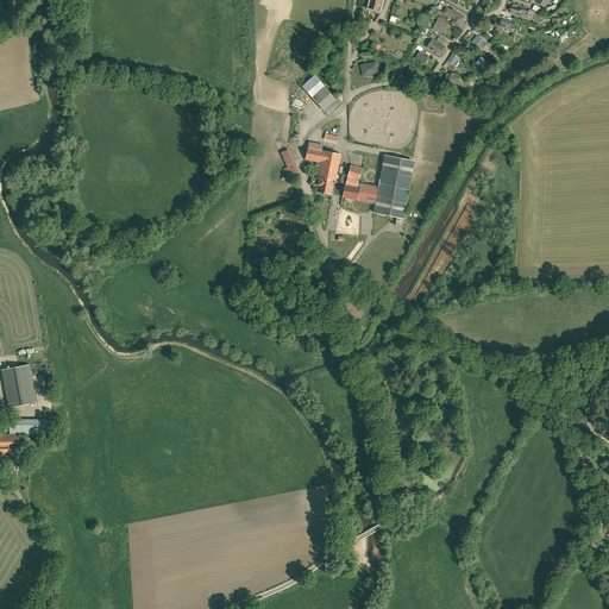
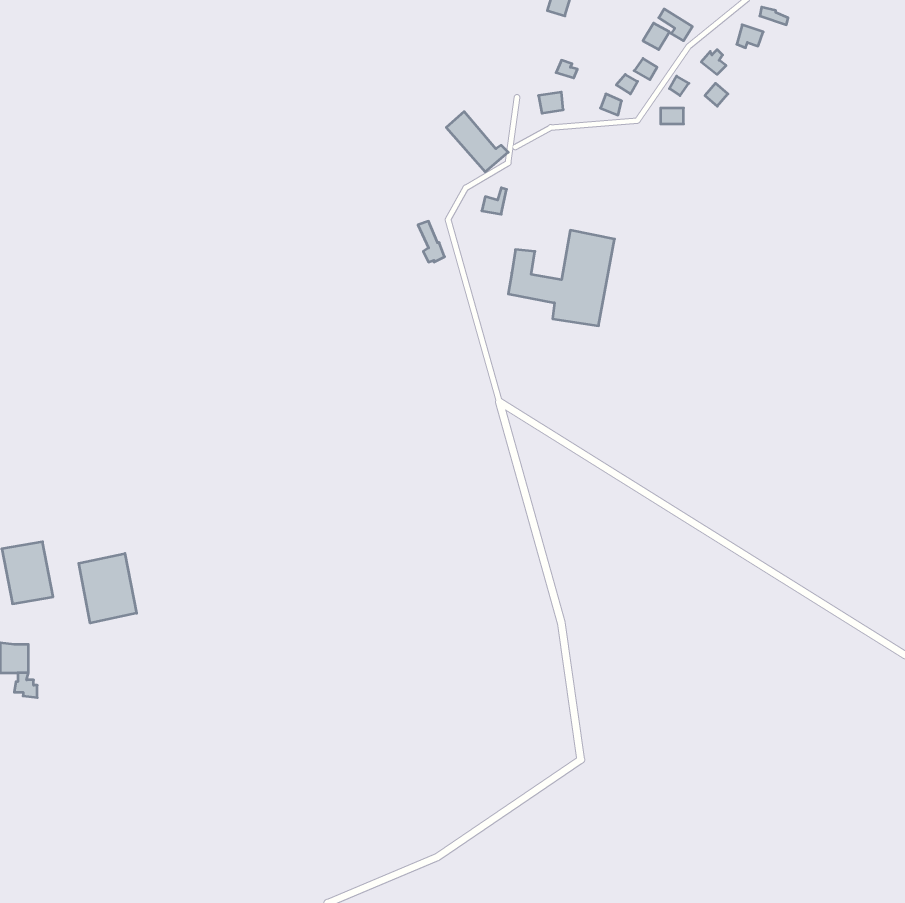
building: [306,143,341,193] -> none
building: none -> [79,553,137,623]

